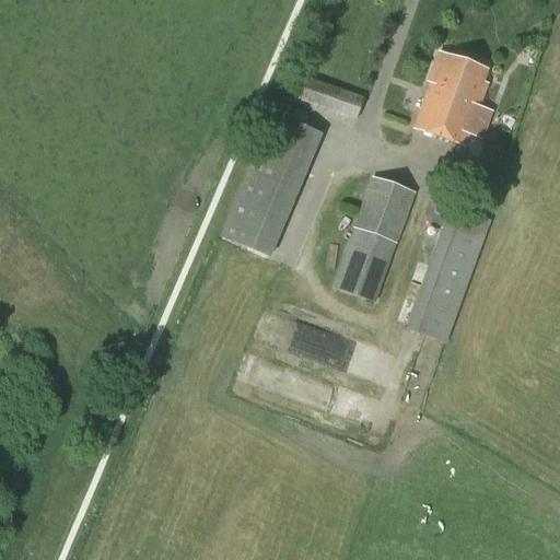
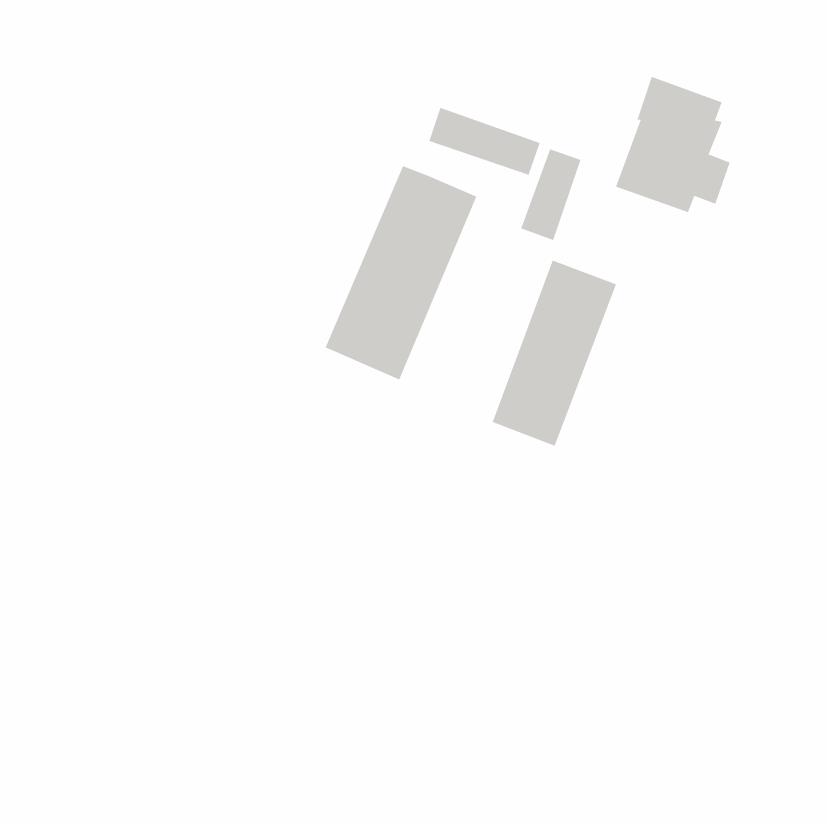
building: none -> [520,149,581,241]
building: [406,197,491,343] -> none

